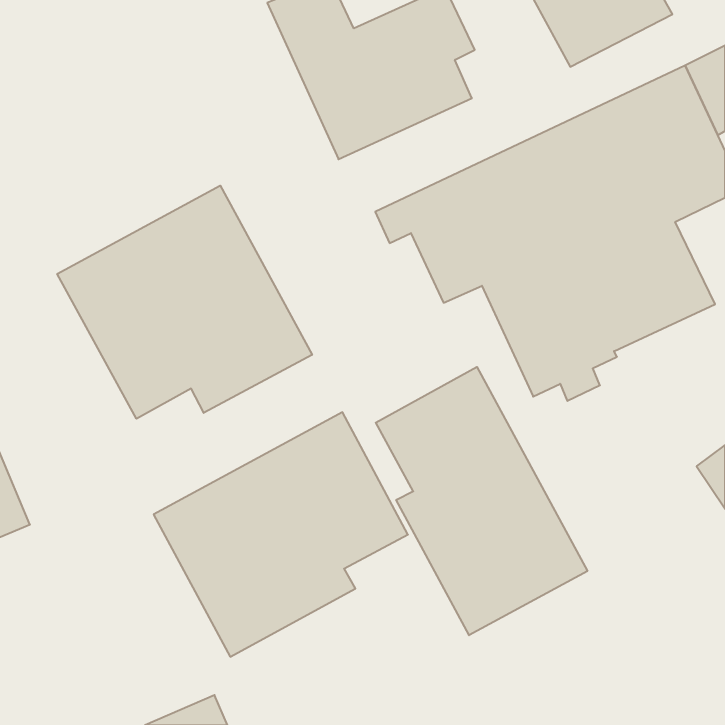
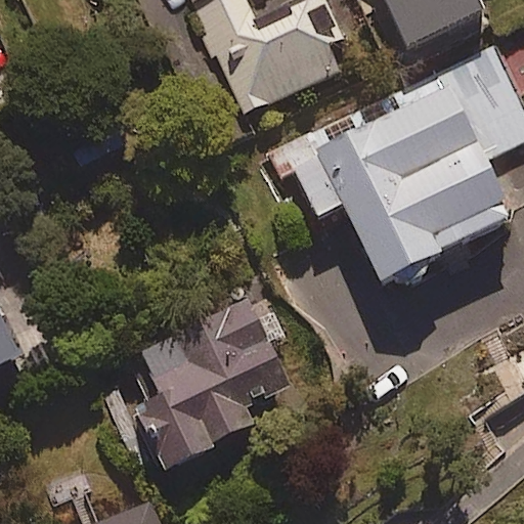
building: [57,186,312,419] -> none
building: [376,367,587,635] -> none

